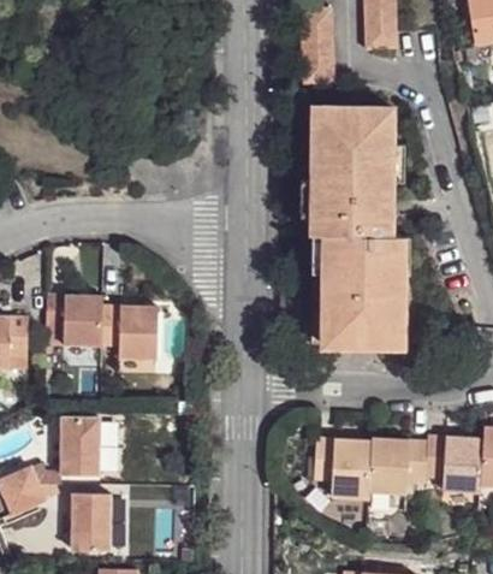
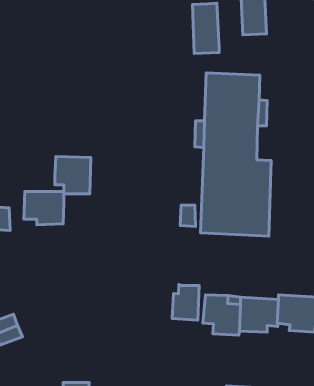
building: [103,303,156,359] -> [55,157,91,194]
building: [60,418,97,473] -> none
building: none -> [172,284,199,320]
building: [69,492,111,551] -> none

